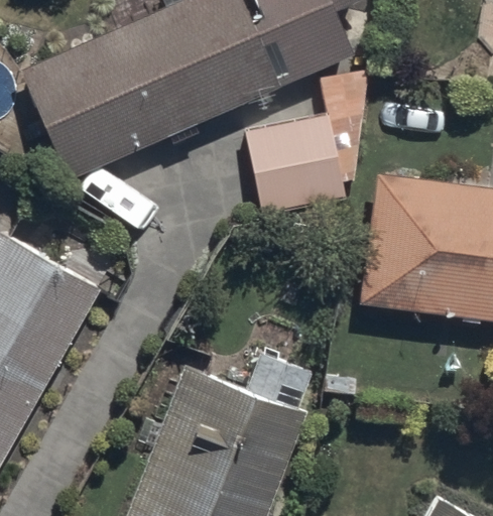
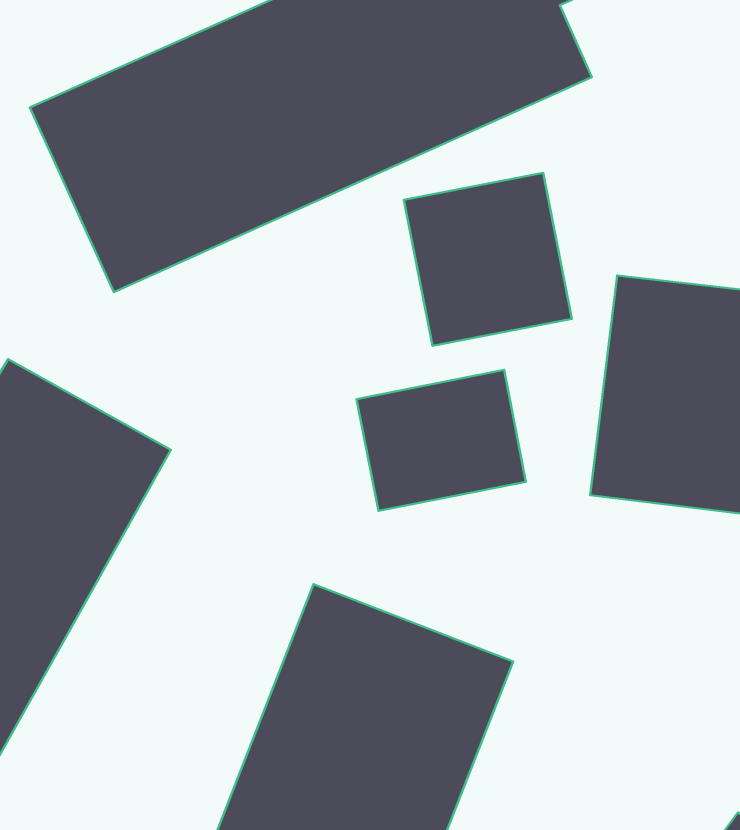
building: none -> [357,370,526,511]

